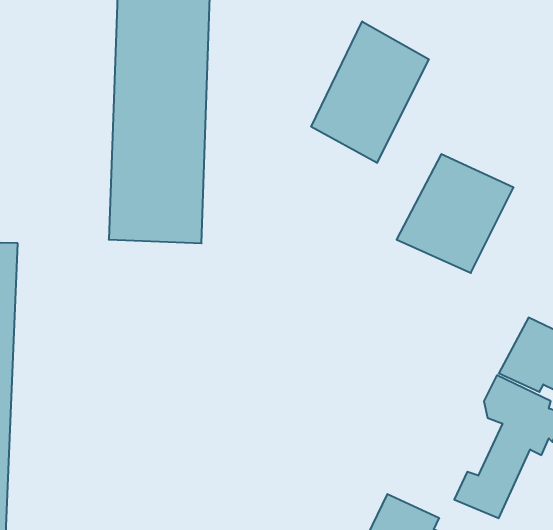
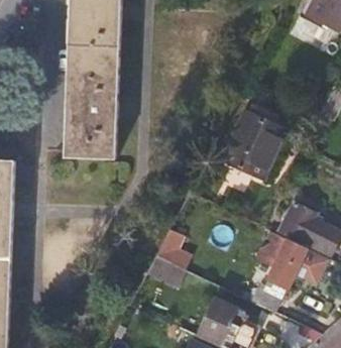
building: [311,21,429,163] -> none
building: none -> [149,226,192,285]

